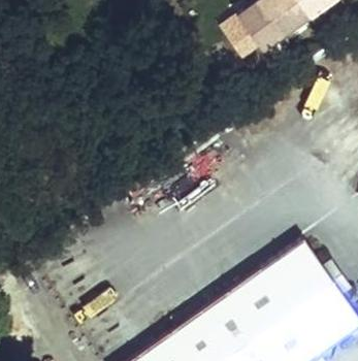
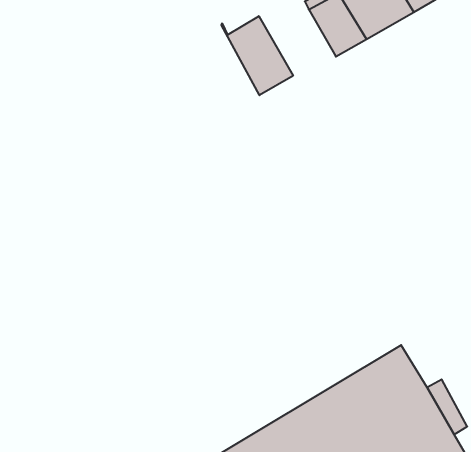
building: none -> [221,16,293,95]

